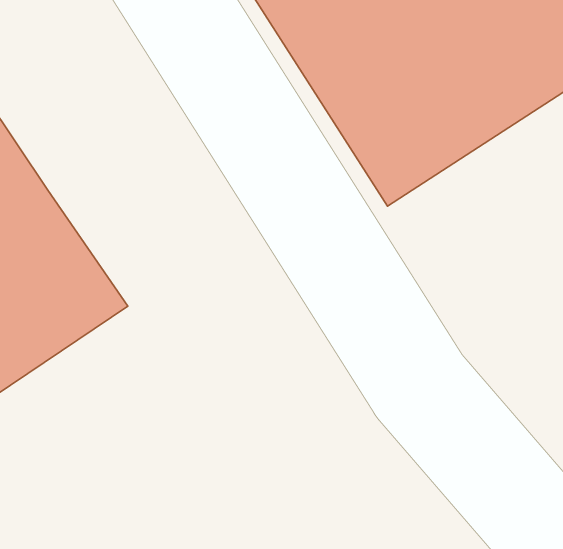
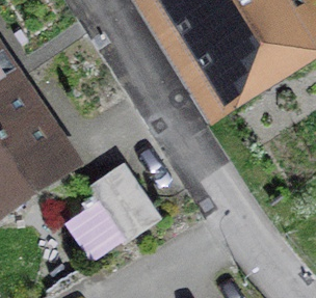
building: none -> [71,165,152,255]

